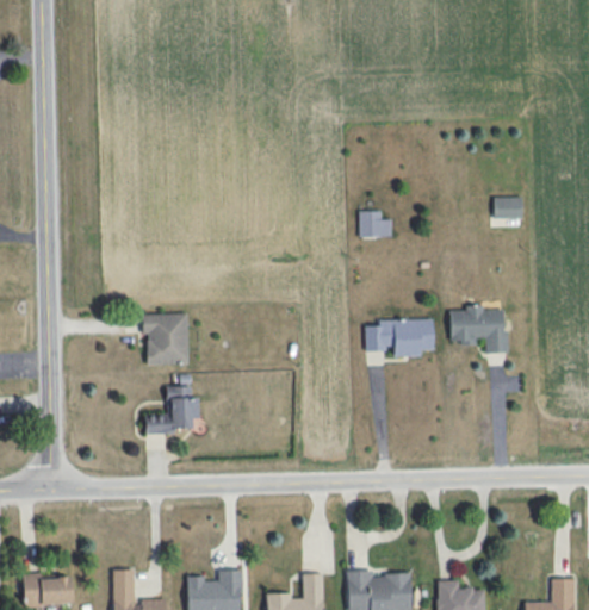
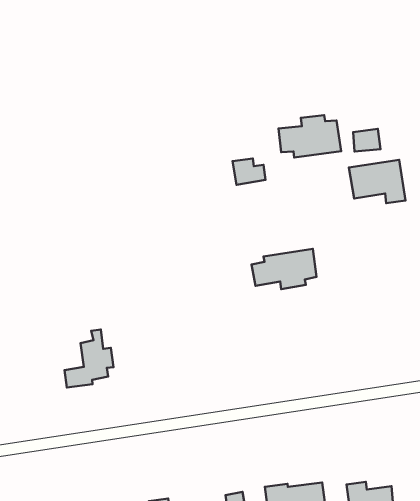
building: none -> [278,115,341,157]
building: [450,307,507,353] -> [349,160,406,203]
building: [142,313,188,365] -> none

